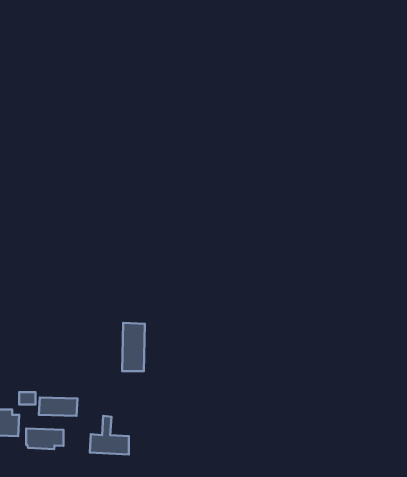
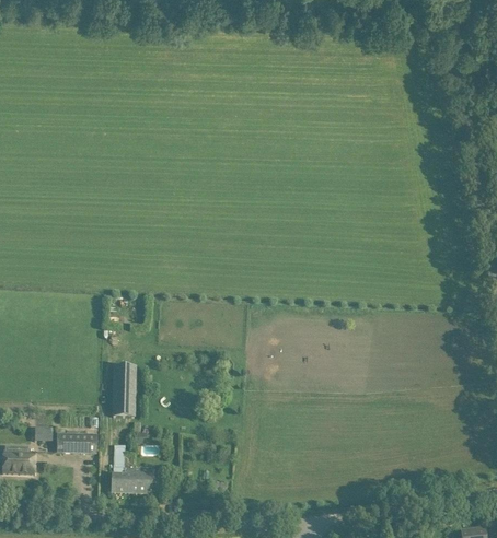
building: [122,323,145,371] -> [112,364,136,416]
building: [26,429,64,449] -> none

